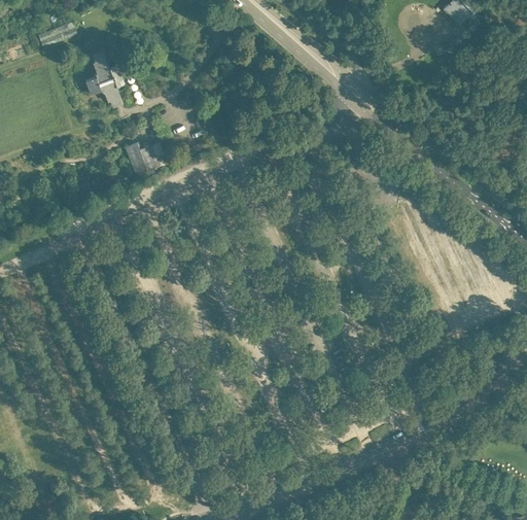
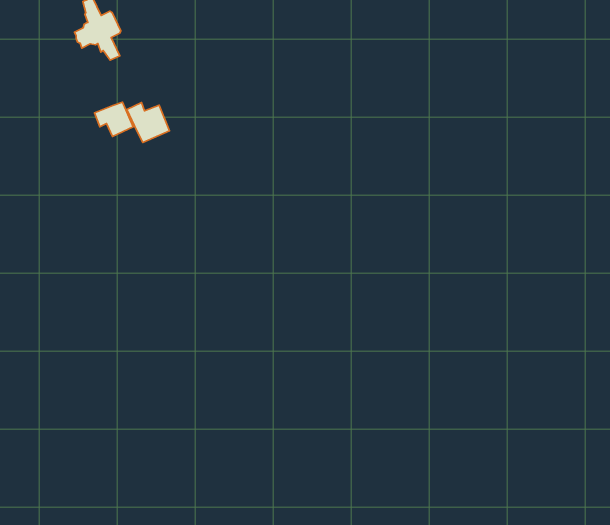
building: none -> [94,102,133,137]

